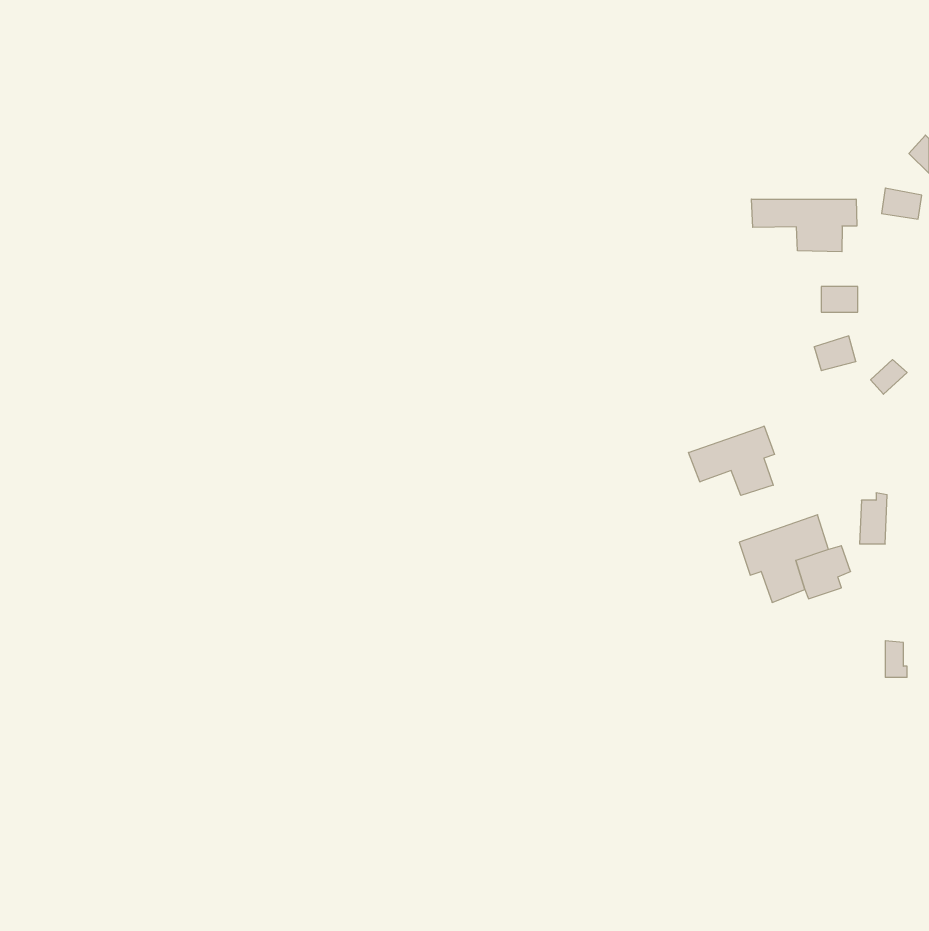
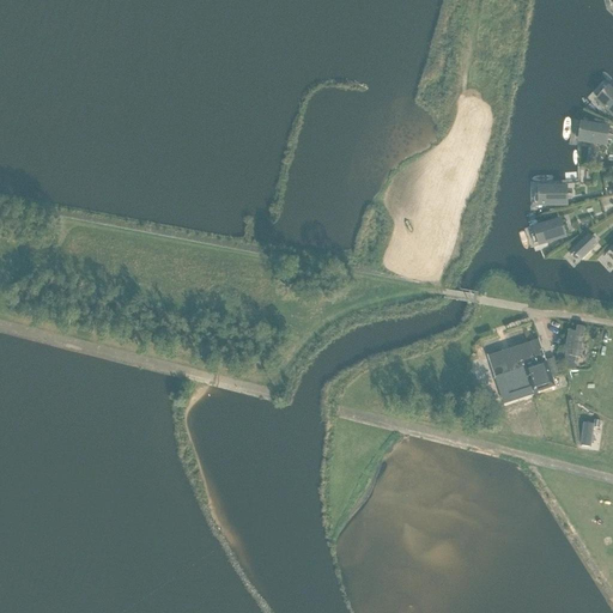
building: [751,199,857,252] -> none
building: [689,426,774,495] -> none

